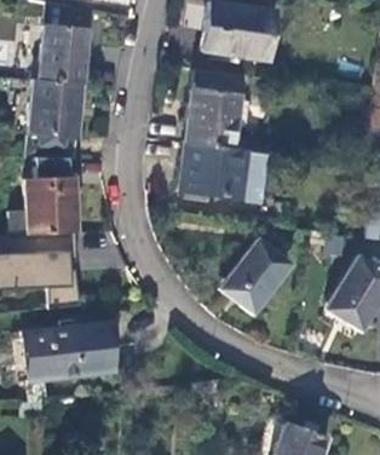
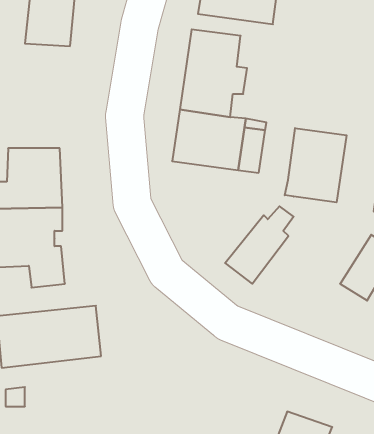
building: [22,79,81,159] -> none
building: none -> [285,128,347,202]

